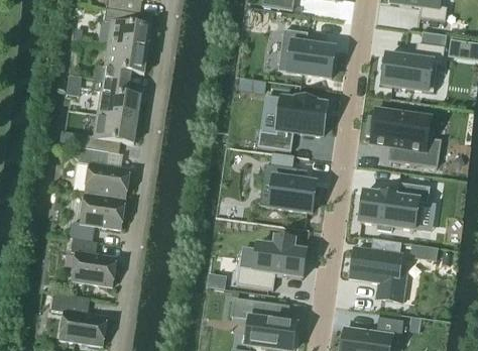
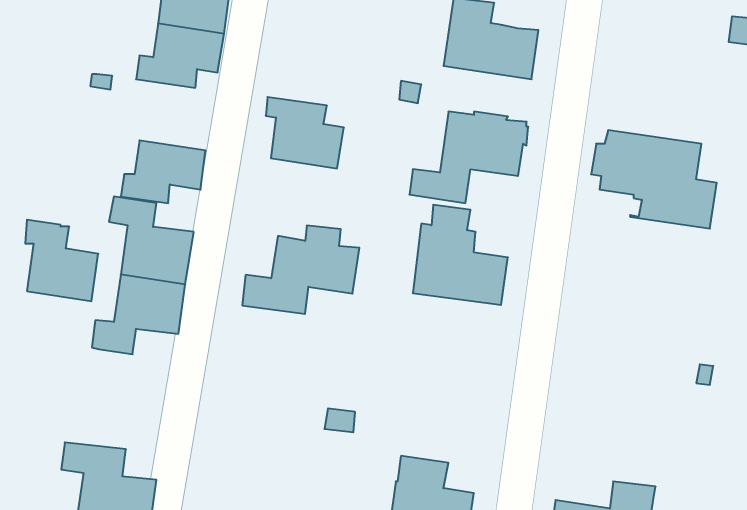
building: [380,41,444,91] -> none
building: [94,77,140,119] -> [266,97,344,168]
building: [359,182,430,230] -> none
building: [236,236,306,288] -> [242,226,359,314]
building: [72,237,115,285] -> [25,220,98,301]
building: [349,238,407,301] -> none

